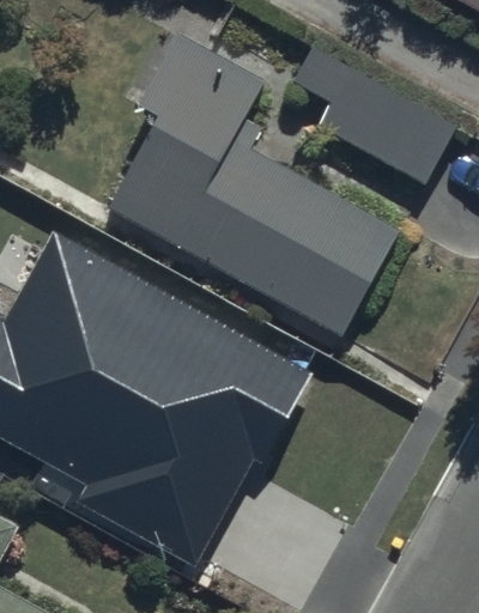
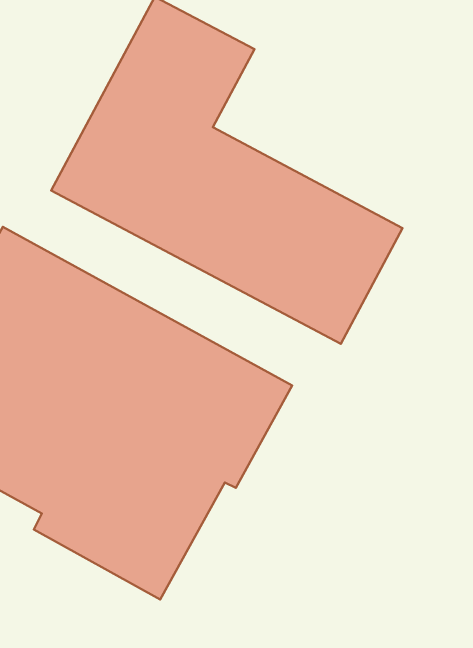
building: [278,49,453,188] -> none

